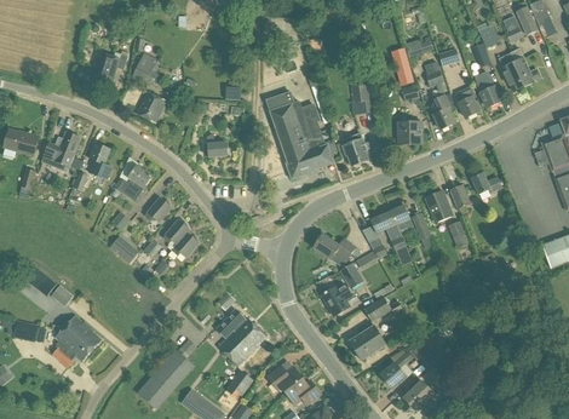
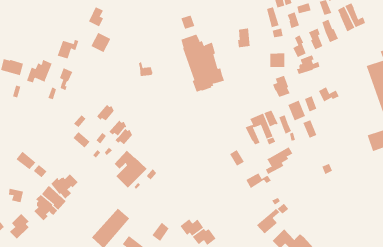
building: [94,52,127,81] -> [57,39,79,59]
building: none -> [296,54,320,75]
building: [341,132,368,165] -> [272,75,290,98]
building: [114,163,153,202] -> none
building: [312,233,360,258] -> none
building: none -> [265,146,293,175]
building: [320,282,352,315] -> none
building: none -> [51,173,78,199]
building: [215,308,265,365] -> [114,150,148,189]
building: [349,325,385,360] -> none
building: none -> [9,213,30,240]

